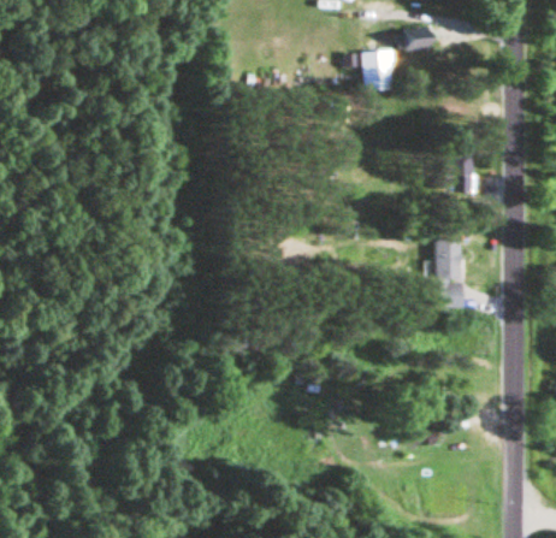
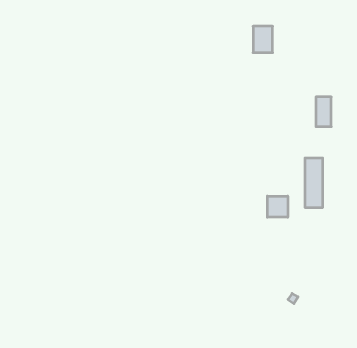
building: [401,29,436,48] -> none
building: none -> [267,196,288,217]

